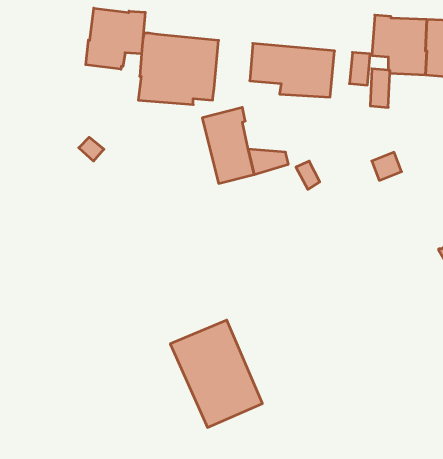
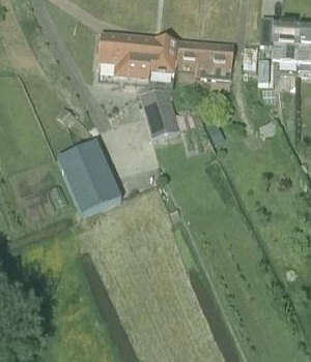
building: [86,8,145,69] -> none
building: none -> [150,38,178,73]
building: [170,320,262,427] -> [58,141,122,215]

